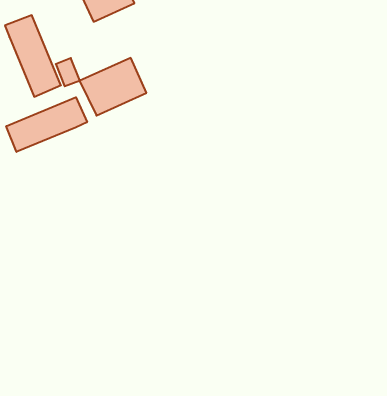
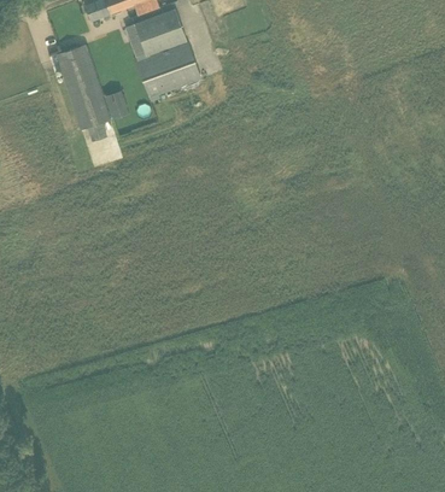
building: [79,58,146,116] -> [134,43,200,99]
building: [6,97,87,152] -> none

